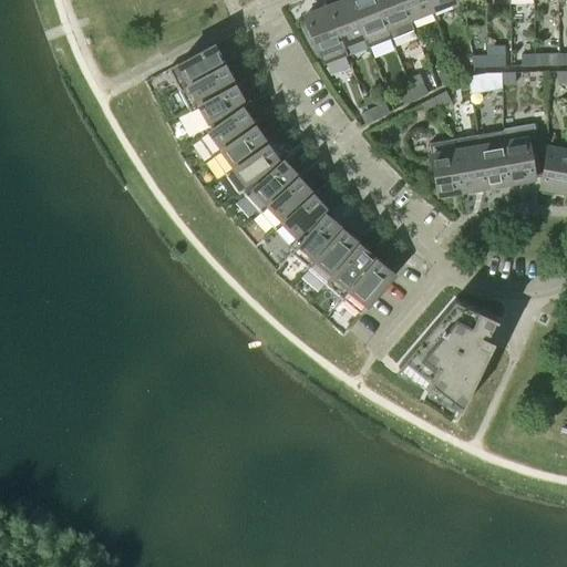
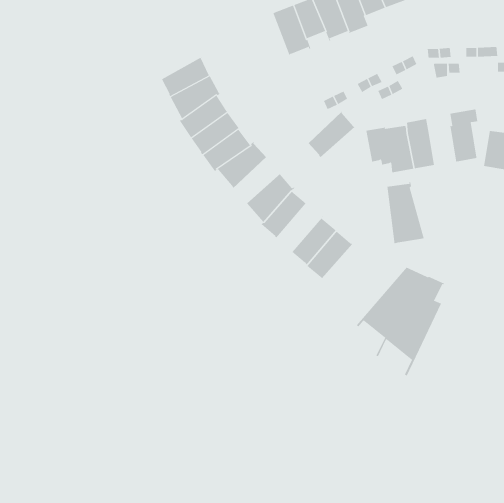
building: [171,43,226,89] -> none
building: [482,141,512,185] -> none
building: [262,175,316,228] -> [308,110,355,158]
building: none -> [387,181,424,244]
building: [311,227,361,282] -> none

